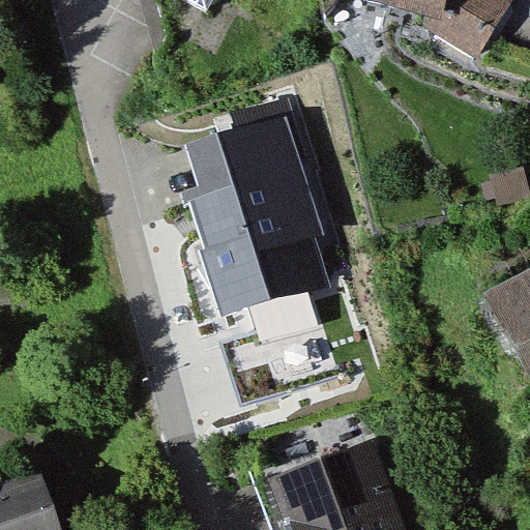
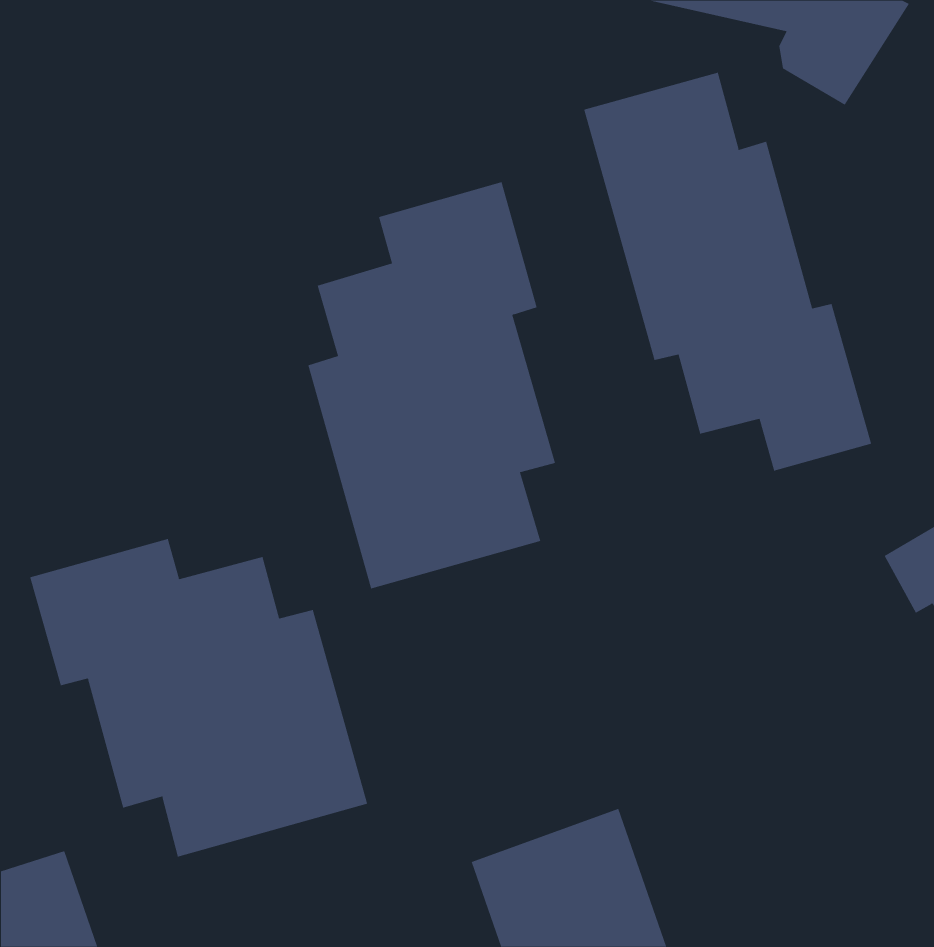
building: none -> [584,72,872,472]
building: none -> [29,538,368,857]

